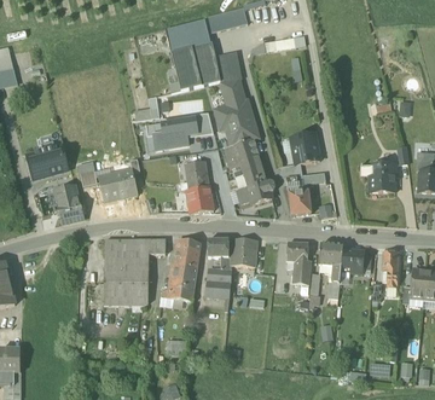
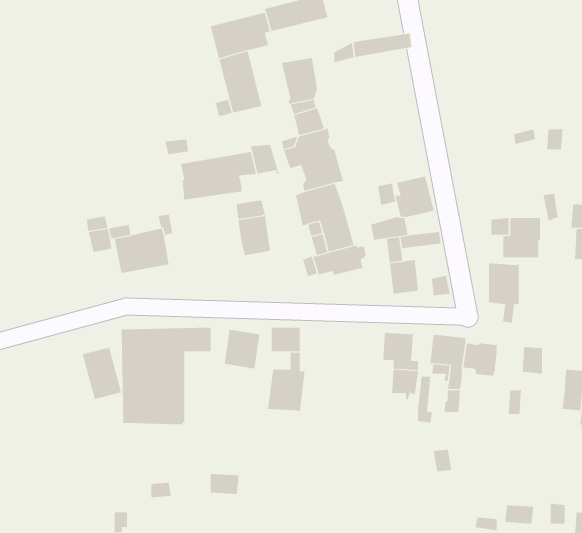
building: [192,42,221,86] -> none
building: [27,146,68,179] -> none
building: [56,186,83,222] -> [82,347,122,400]
building: [186,186,214,214] -> none
building: none -> [488,262,519,323]
building: [231,239,256,266] -> none
building: [170,265,197,302] -> none

